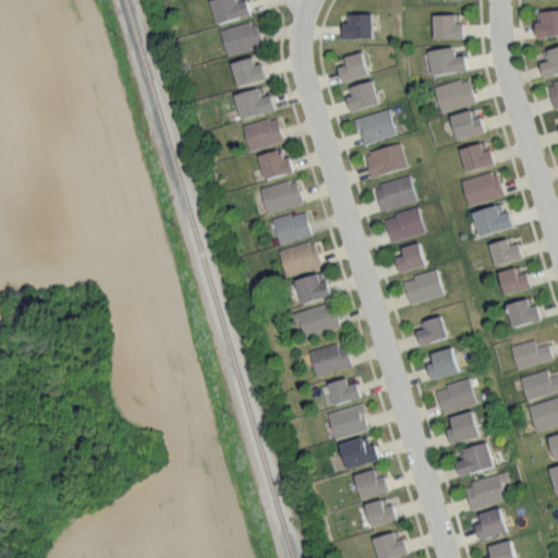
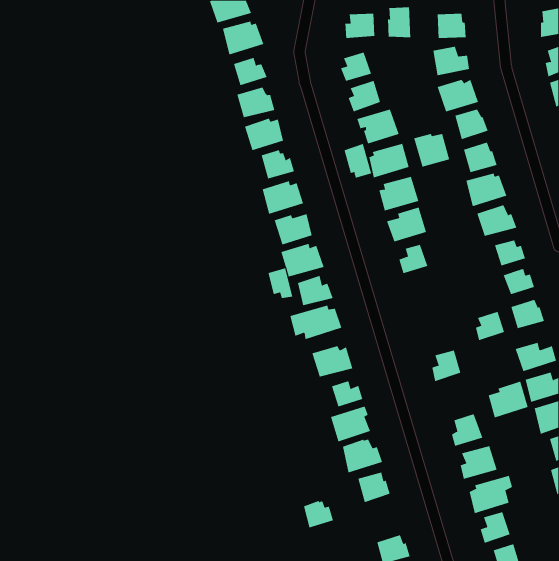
building: none -> [388,6,411,38]
building: none -> [413,133,450,168]
building: none -> [344,143,372,179]
building: none -> [268,268,293,299]
building: [402,269,442,304] -> none
building: [416,316,446,345] -> [475,311,505,341]
building: [435,377,475,414] -> [488,381,528,418]
building: [365,499,396,526] -> [303,501,334,528]

